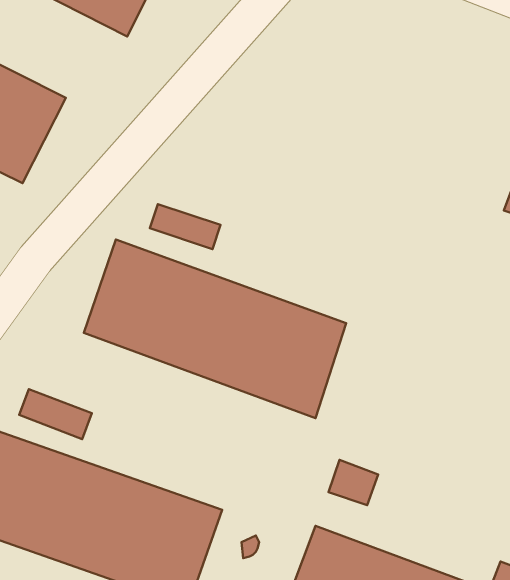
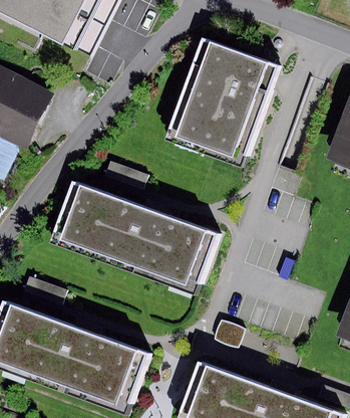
building: none -> [174,38,287,165]

